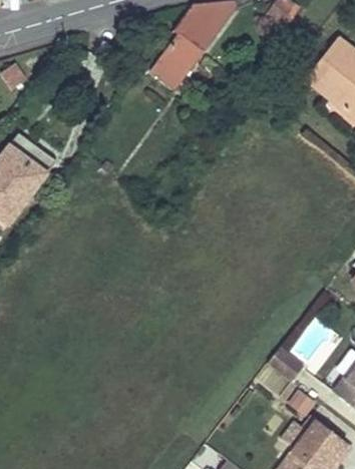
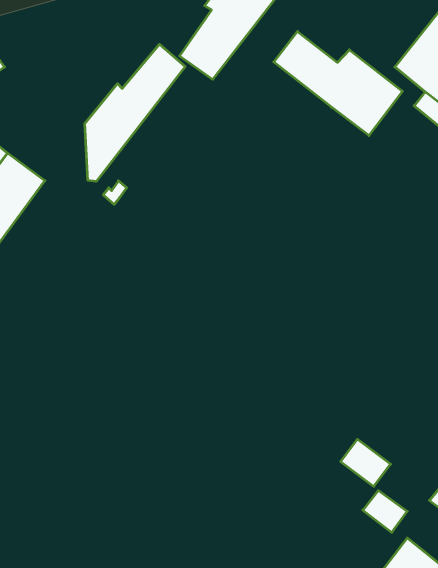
building: none -> [274,31,402,136]
building: none -> [85,44,185,181]

